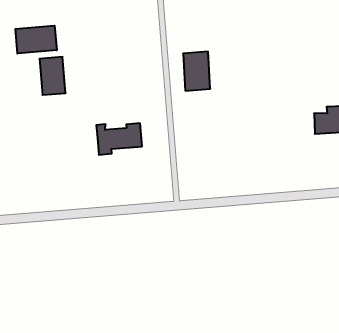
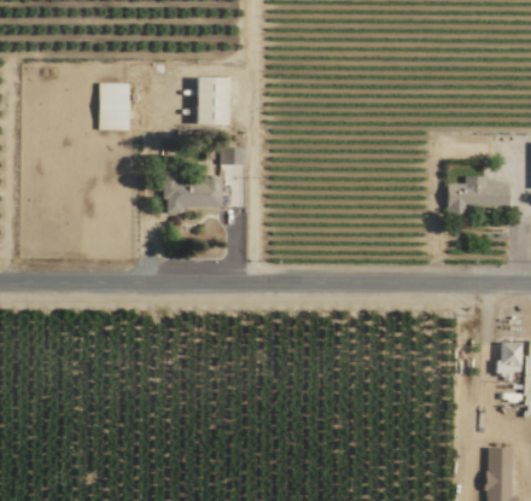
building: [15,26,57,54] -> none
building: [183,52,210,91] -> [196,76,229,124]

